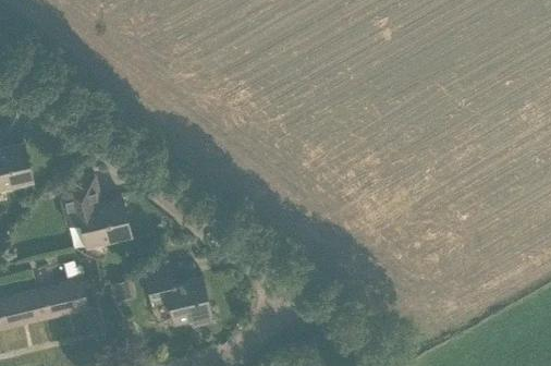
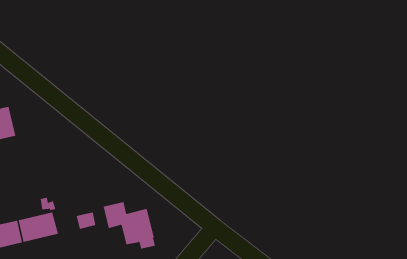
building: [61,178,131,252] -> none

